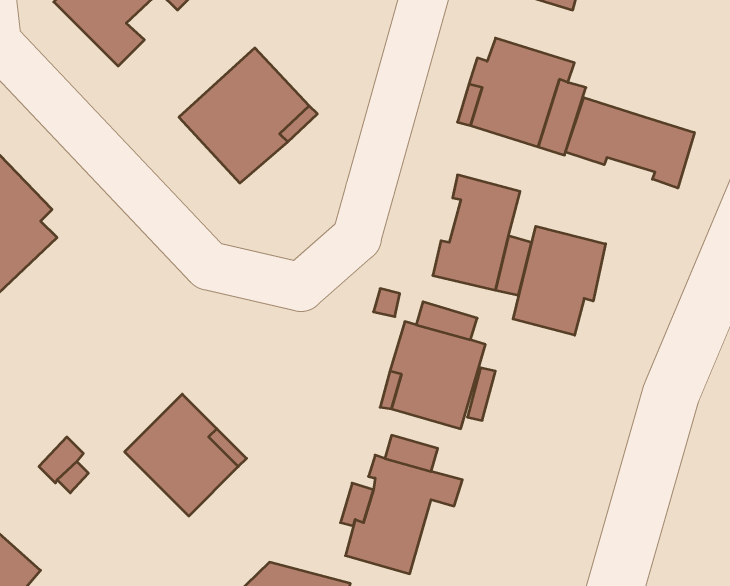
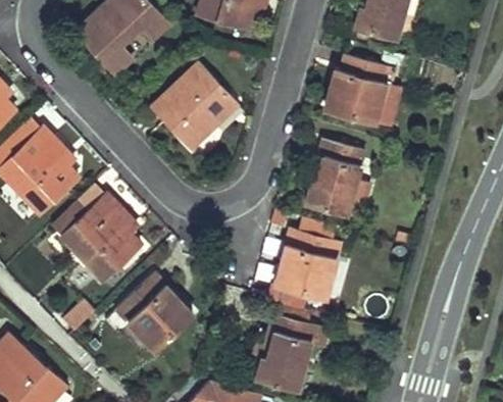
building: [566,97,694,188] -> none
building: [513,226,606,335] -> none
building: none -> [52,196,139,281]

